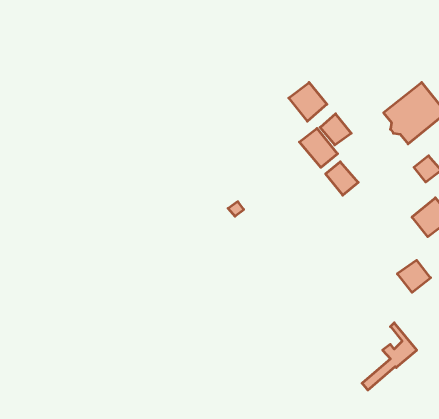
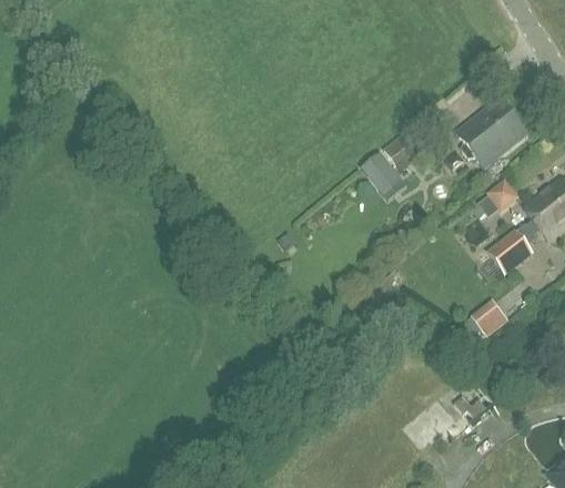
building: [289,82,327,121] -> none
building: [326,162,358,195] -> none

